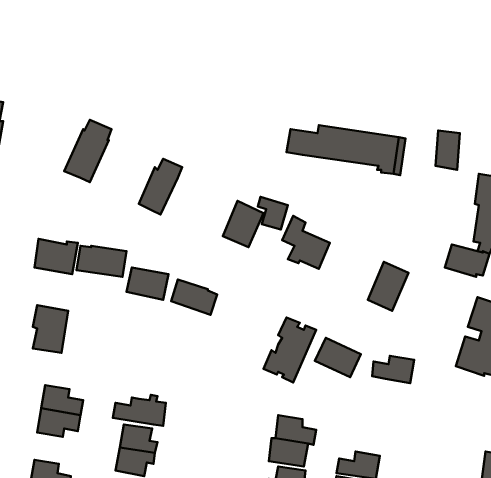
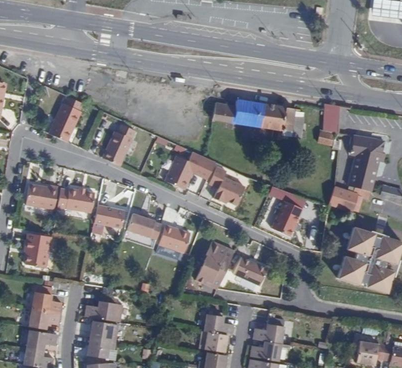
building: none -> [159,224,191,252]
building: [372,356,414,383] -> [253,323,284,343]
building: none -> [26,330,58,349]

